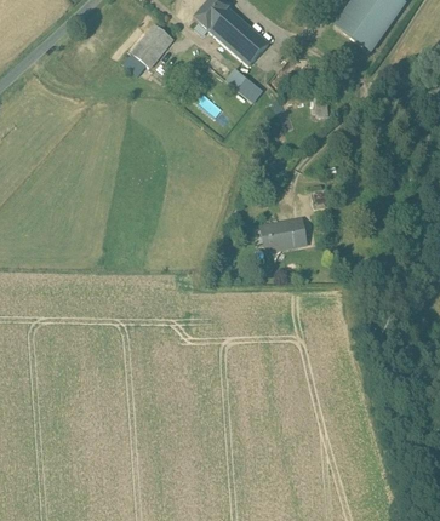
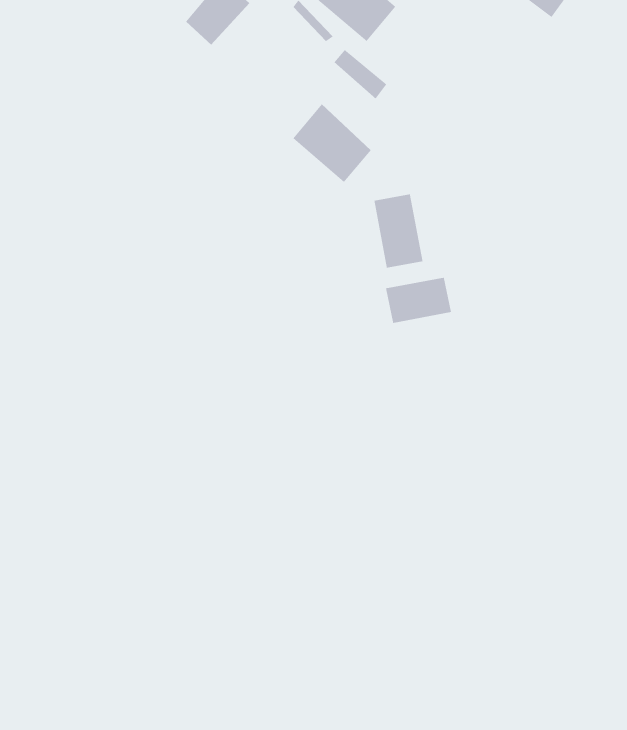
building: none -> [292,103,371,183]
building: none -> [374,194,423,269]

